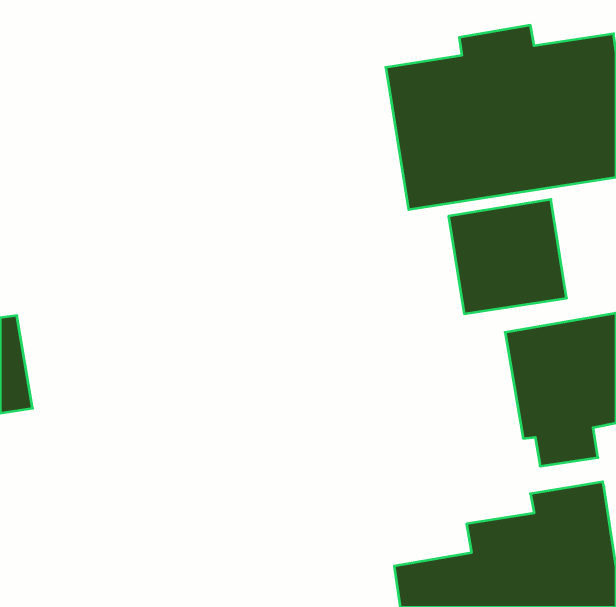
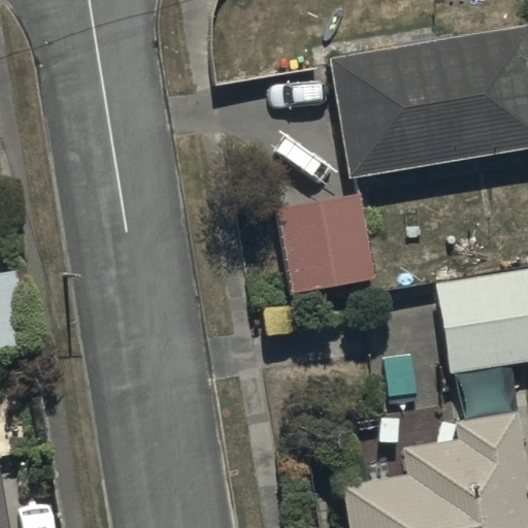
building: [449,199,567,314] -> [272,193,373,291]

